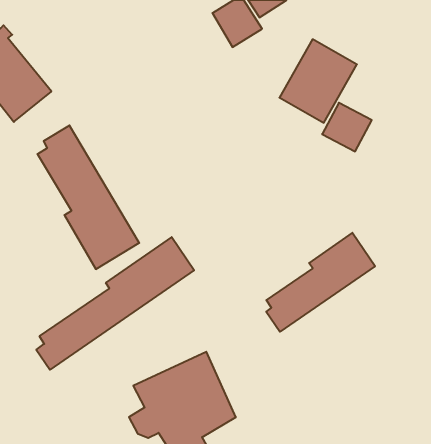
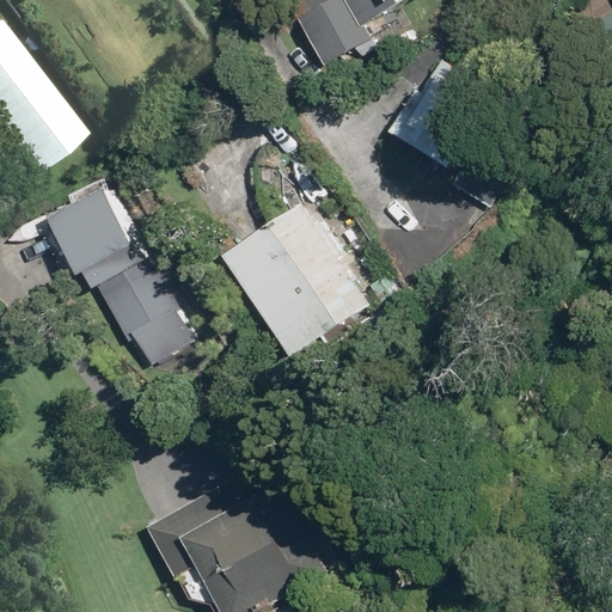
building: none -> [225,198,396,356]
building: [266,233,375,332] -> none
building: [36,237,194,370] -> none

